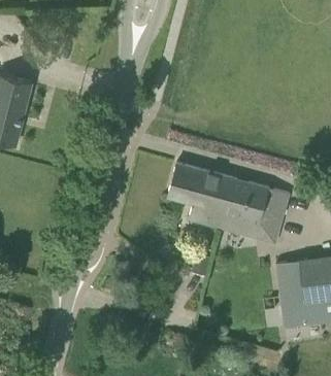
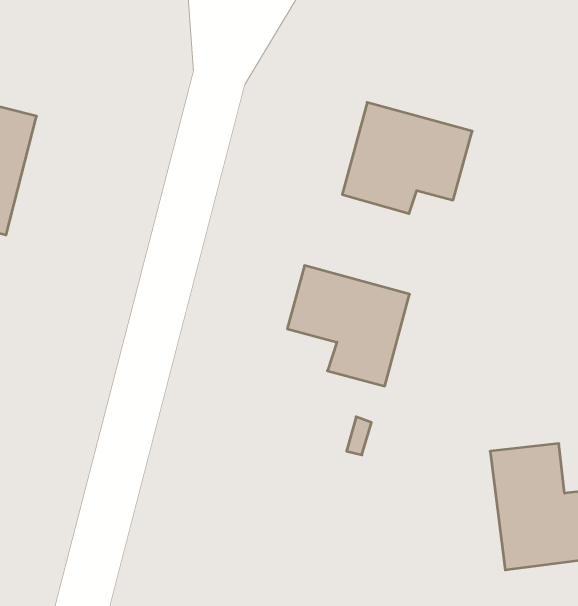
building: [220,178,290,238] -> [342,102,472,214]

